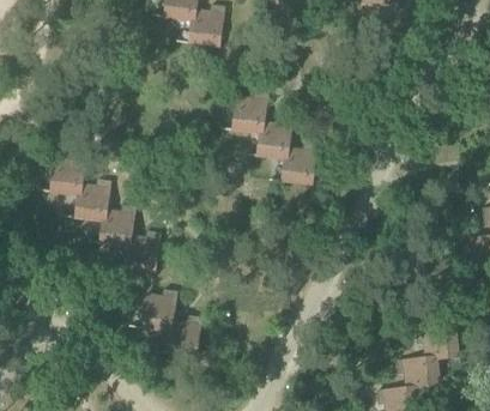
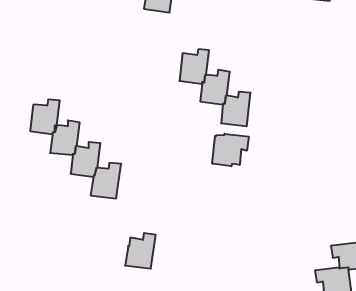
building: none -> [212,134,249,166]
building: [140,290,177,332] -> none

